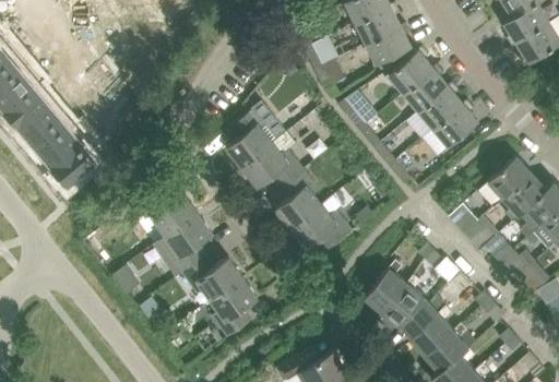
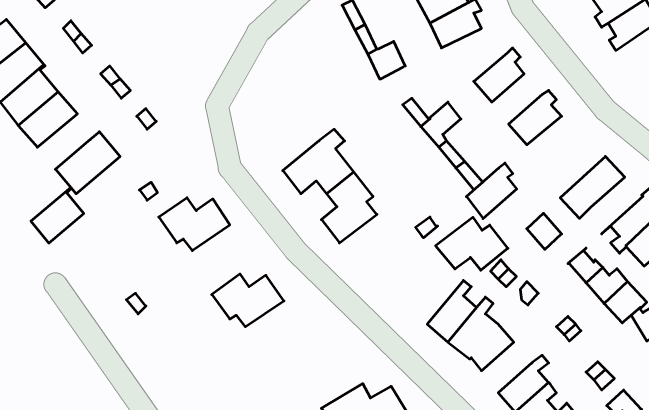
building: [389,47,432,93] -> none
building: [419,82,462,129] -> [466,163,517,219]
building: [226,108,286,168] -> none
building: [35,120,80,167] -> [31,188,84,243]
building: [503,174,547,222] -> none
building: [290,205,352,250] -> [436,217,508,270]
building: [153,214,213,273] -> none
building: [464,216,499,252] -> none
building: [211,278,258,337] -> none
building: [409,307,453,356] -> none

